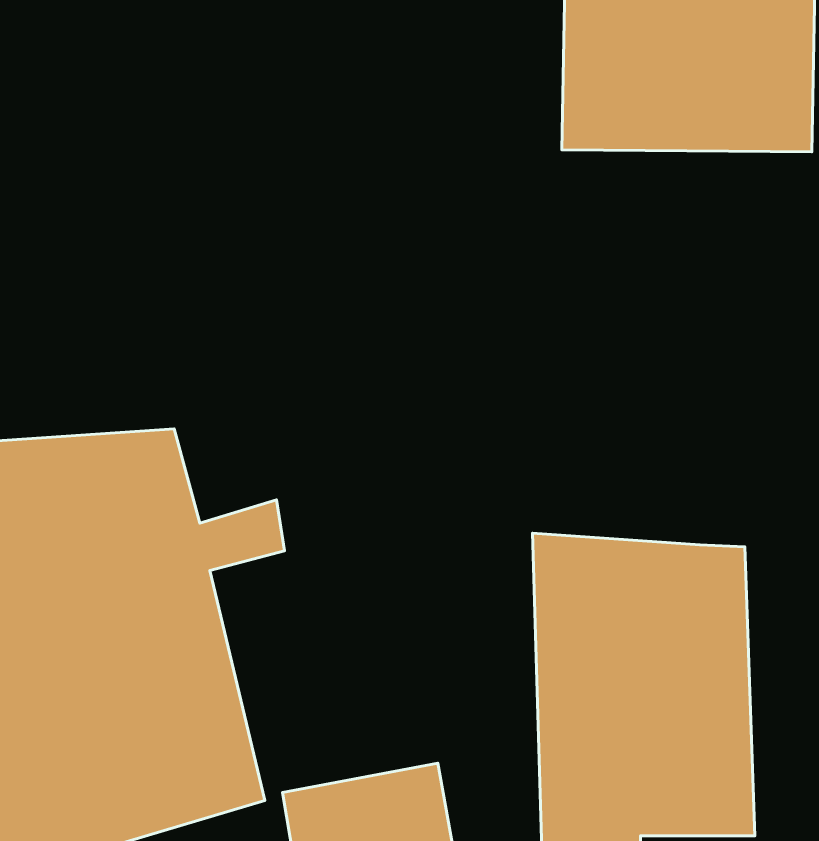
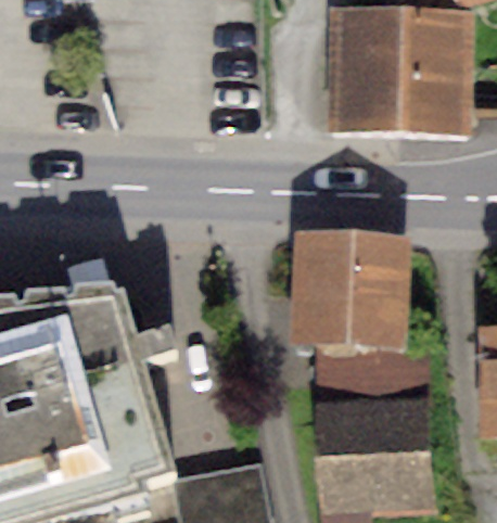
building: none -> [290,227,410,345]

